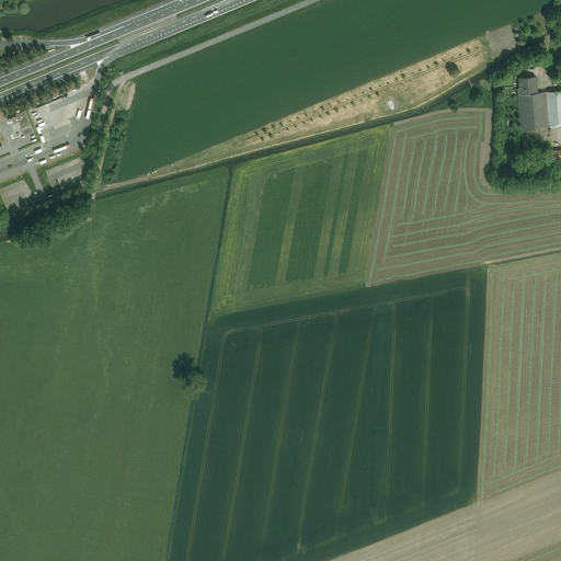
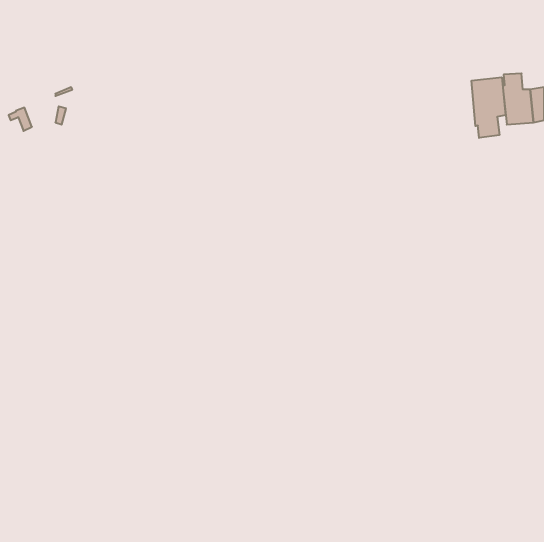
building: none -> [472,77,505,138]

